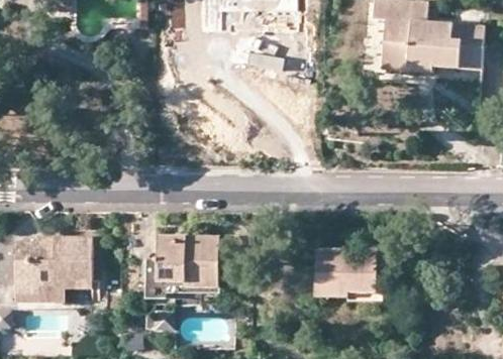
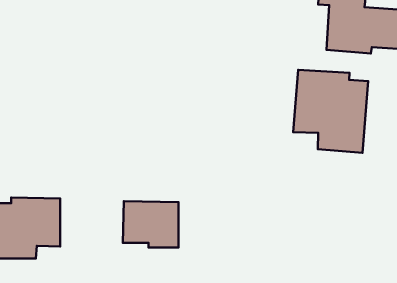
building: none -> [293,70,368,153]
building: [311,248,372,295] -> none

